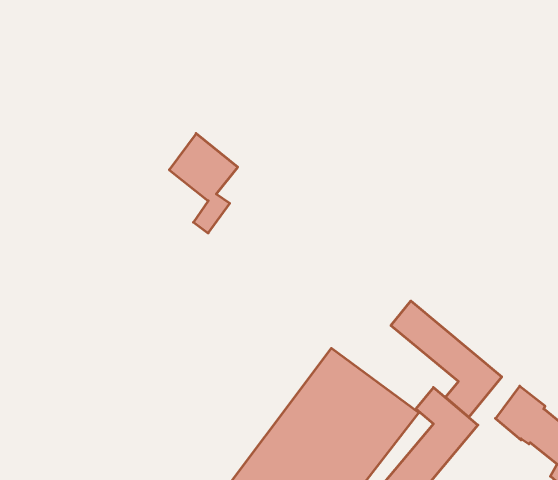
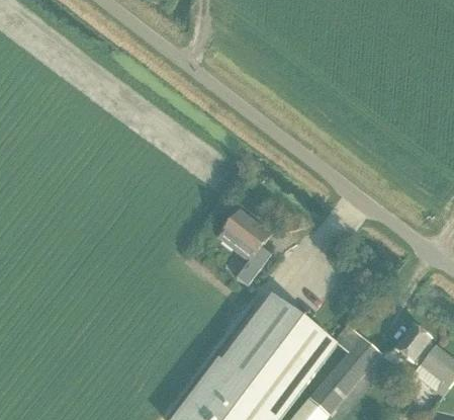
building: [169,133,238,233] -> [217,209,269,284]
building: [391,301,502,417] -> none

